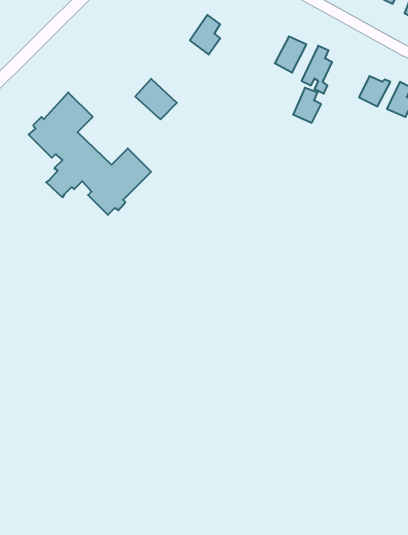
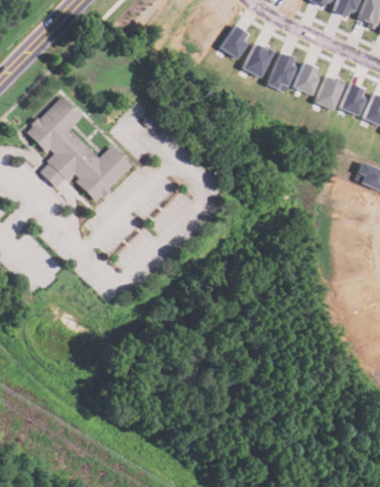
building: [190,15,220,55] -> [218,25,244,59]
building: [135,79,177,119] -> none
building: [293,88,321,123] -> [291,65,315,95]

